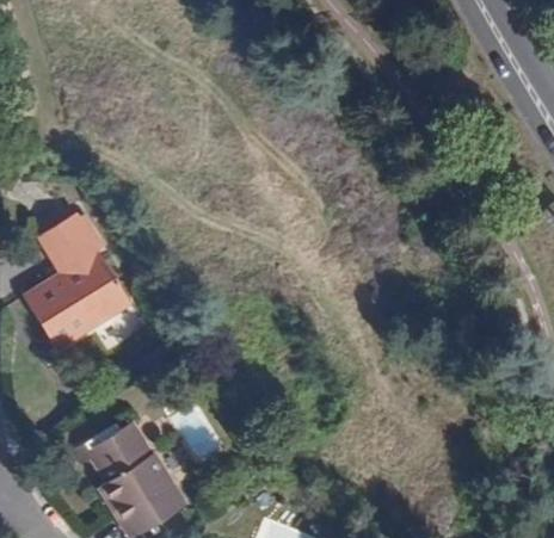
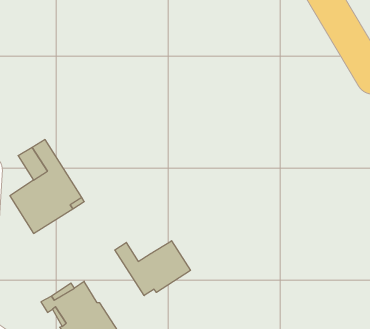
building: none -> [115,241,190,296]

